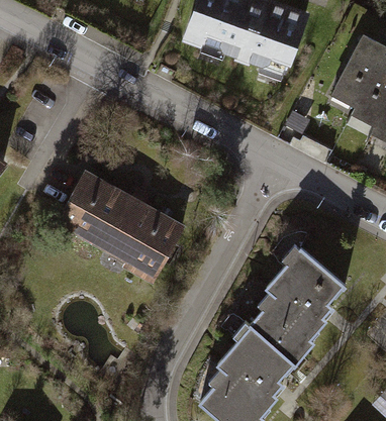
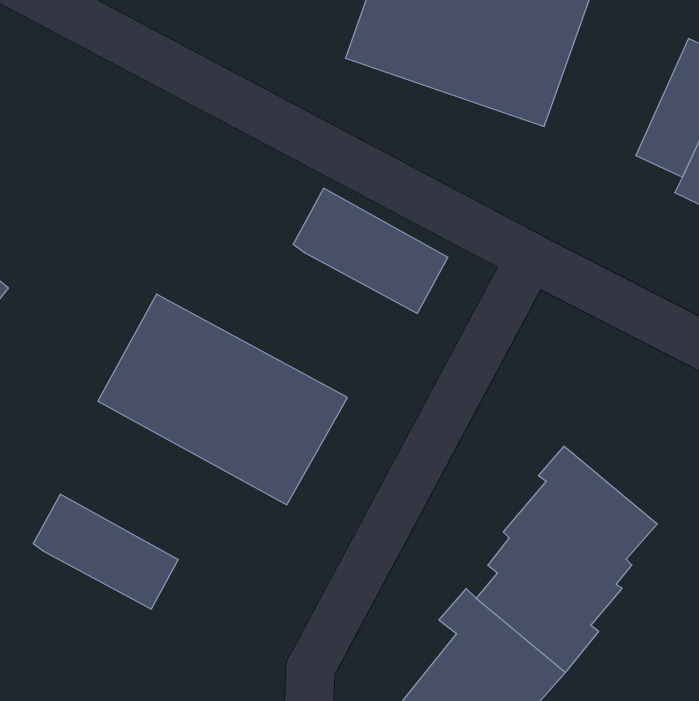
building: none -> [293,188,448,313]
building: none -> [33,494,178,609]

